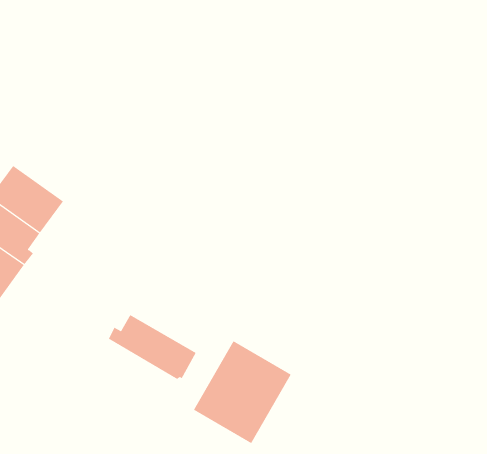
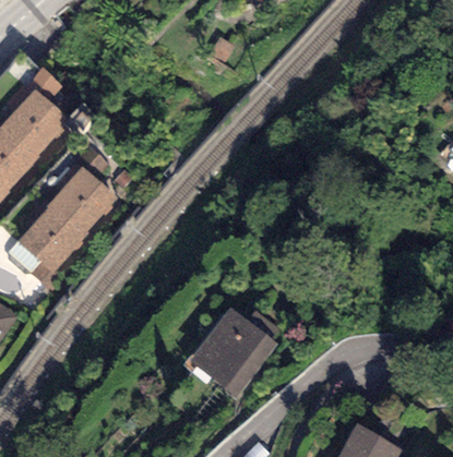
building: [108,314,196,380] -> none

